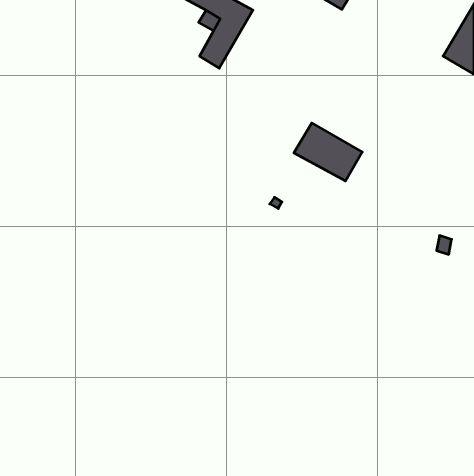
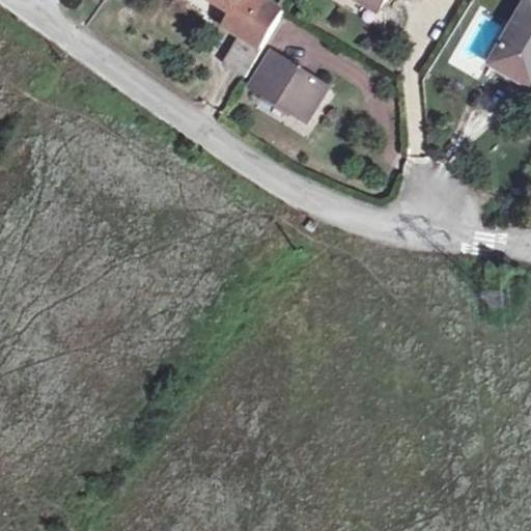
building: [294,123,362,181] -> [250,54,326,118]

